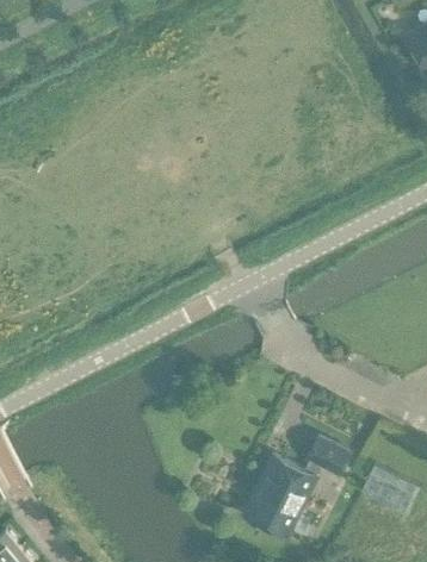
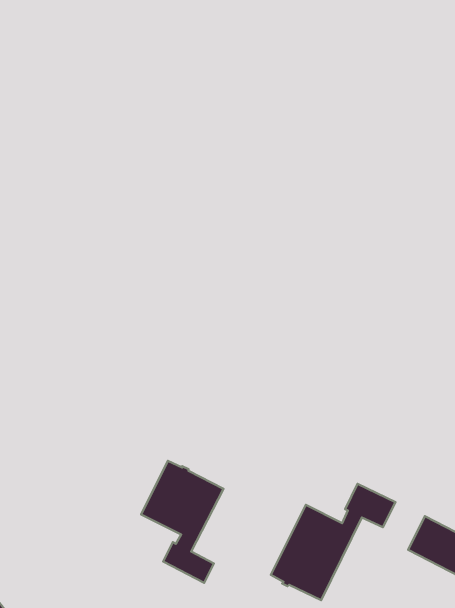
building: none -> [141,461,223,583]

